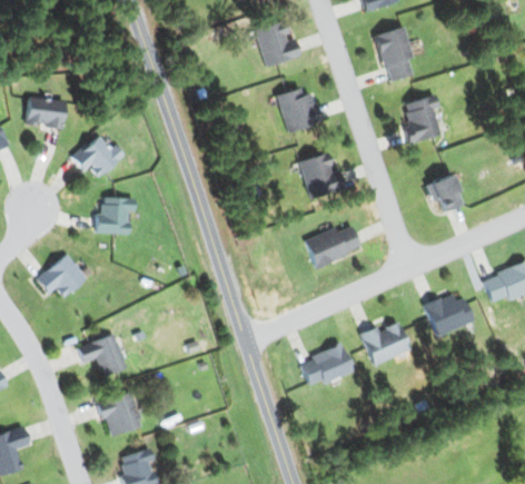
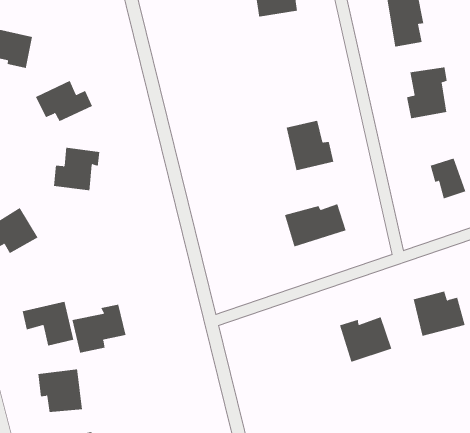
building: [277,88,320,132] -> none
building: none -> [72,304,126,354]
building: [301,343,353,385] -> none

